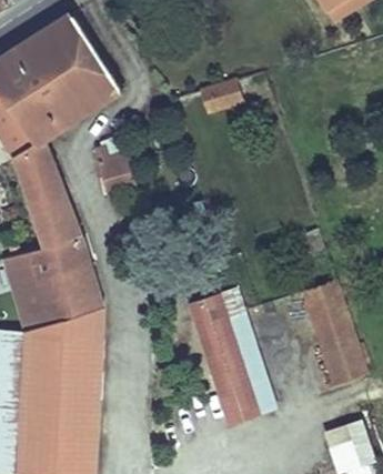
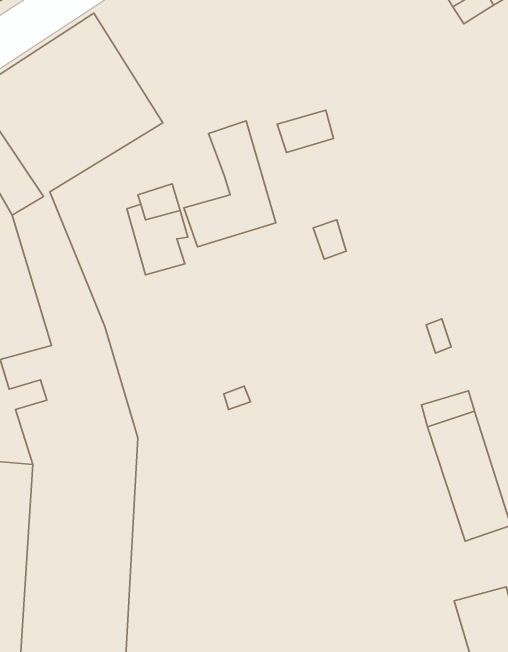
building: none -> [184,121,276,247]
building: [191,261,265,423] -> none

